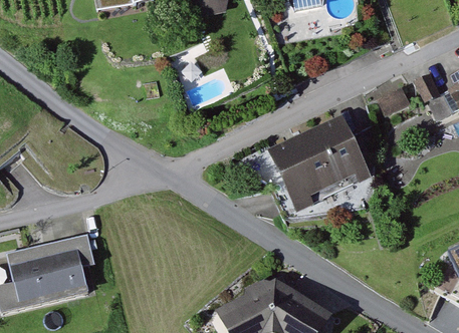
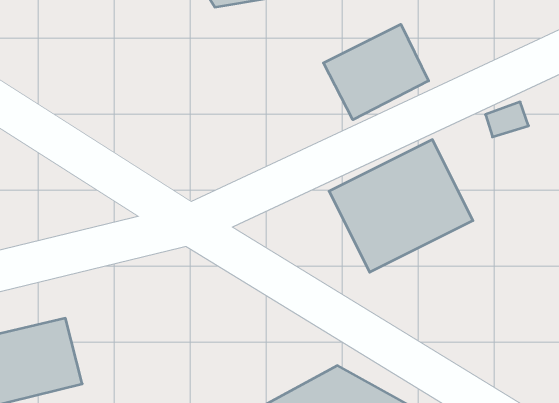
building: none -> [323,24,429,120]

